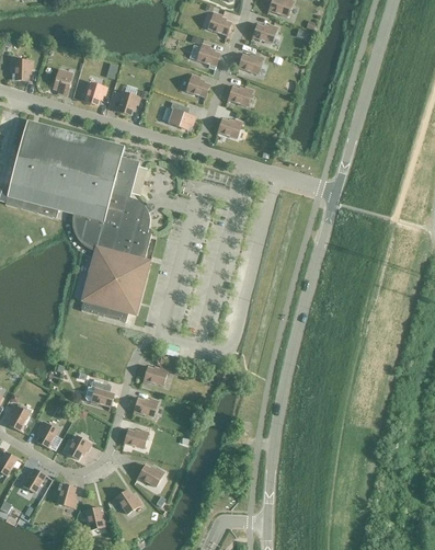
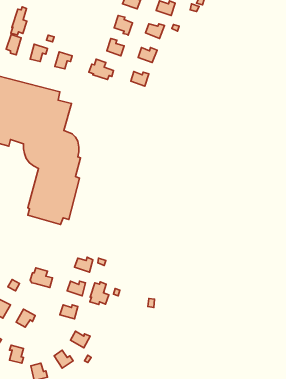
building: none -> [11,7,27,35]
building: none -> [90,282,109,304]

